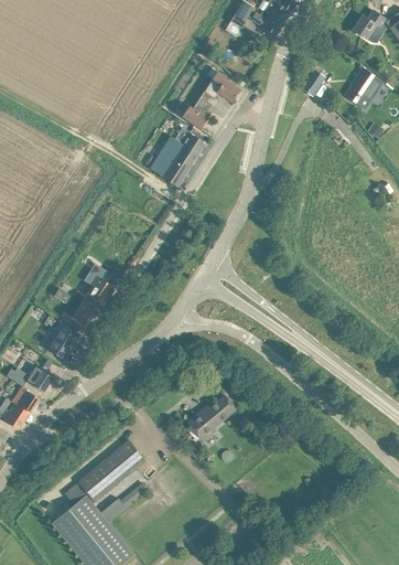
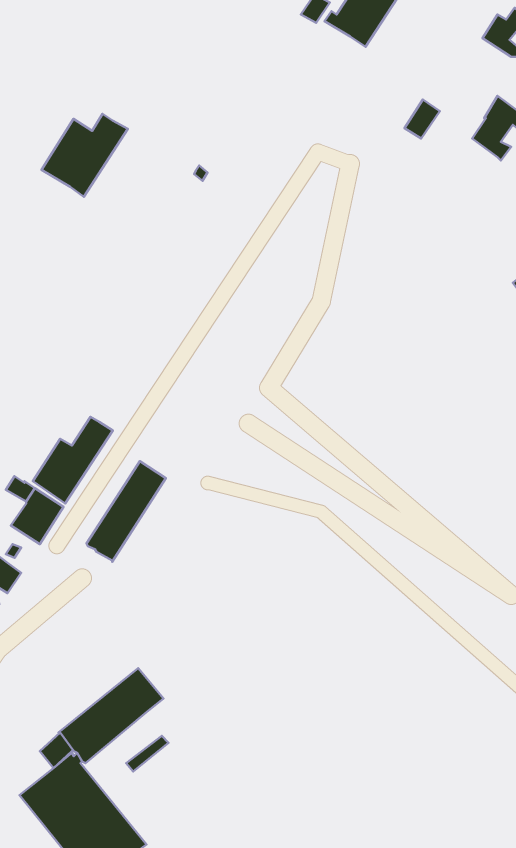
building: [182,68,240,130] -> none
building: [150,134,206,188] -> [41,114,128,197]
building: none -> [86,461,166,562]
building: [186,395,236,439] -> none

